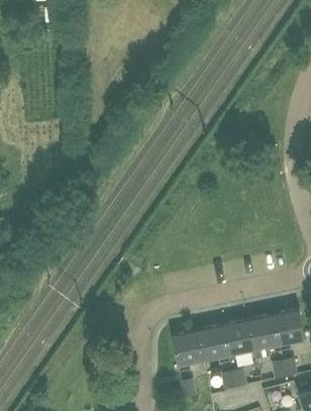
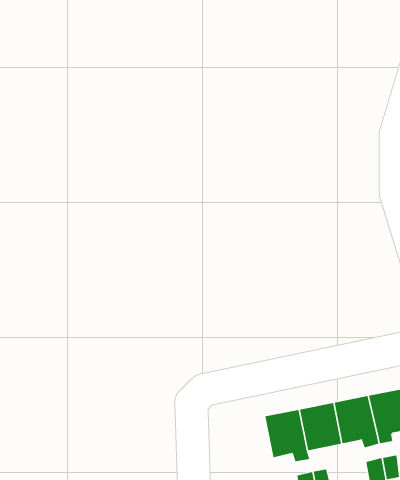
building: [173,330,204,372] -> none

